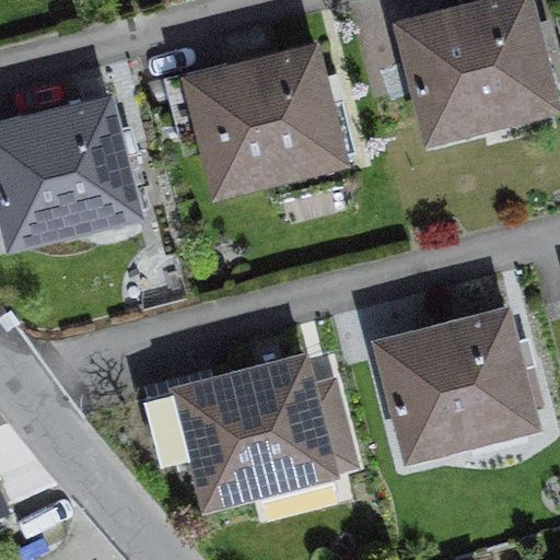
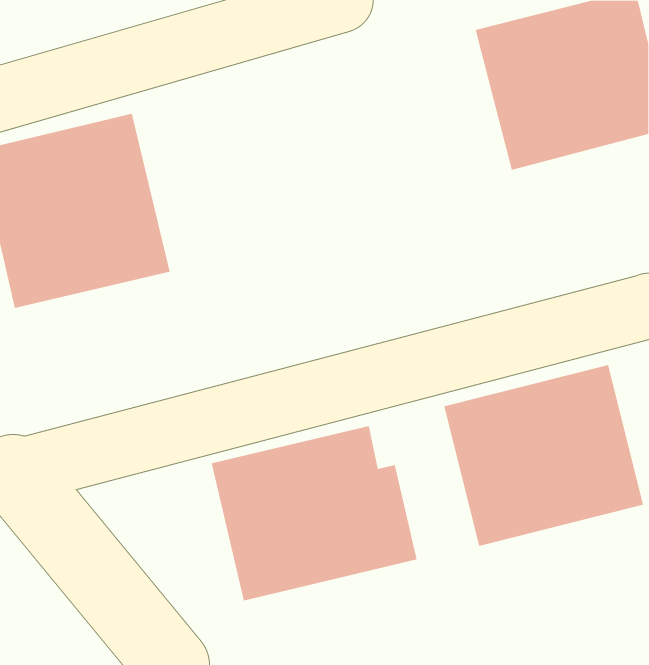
building: [182,45,347,202] -> none

